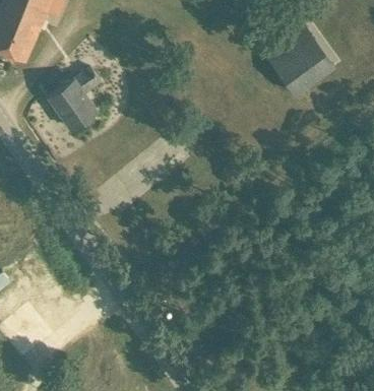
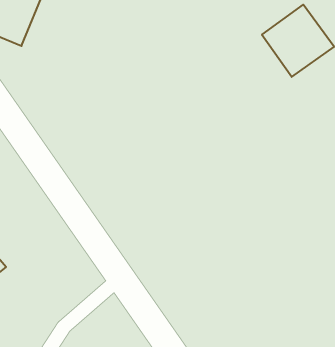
building: [50,70,103,131] -> none

